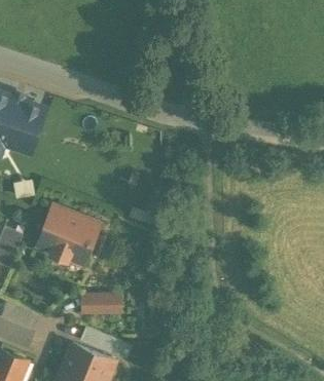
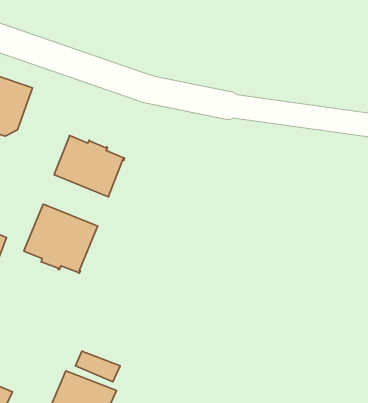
building: none -> [54,136,125,197]
building: [82,295,120,312] -> none

